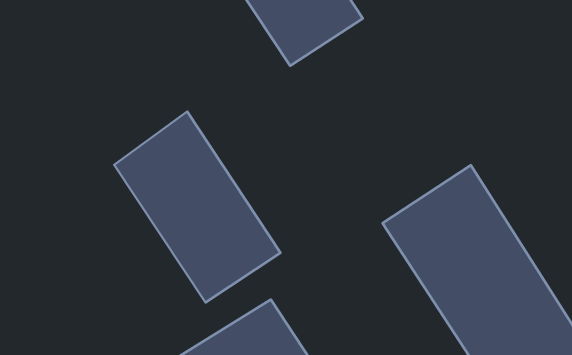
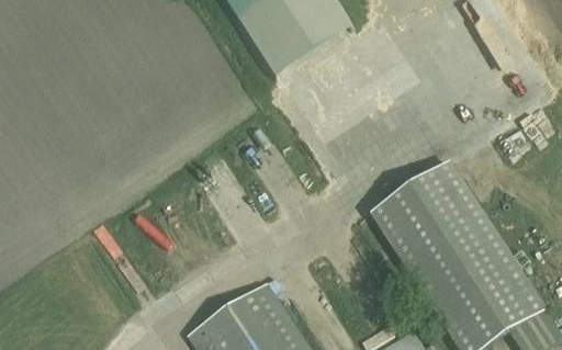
building: [114,111,280,302] -> none

